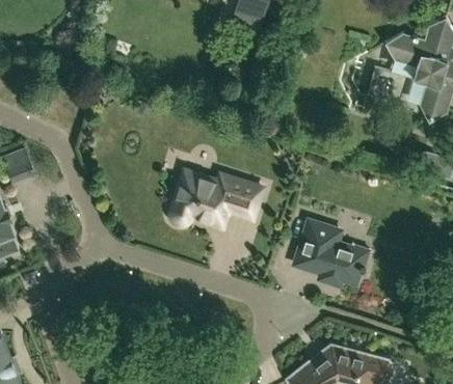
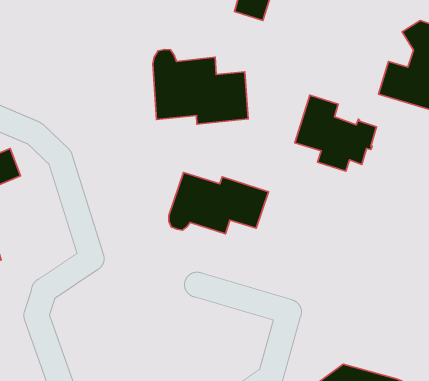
building: none -> [153,50,248,124]
building: [294,220,369,290] -> [295,95,377,171]

